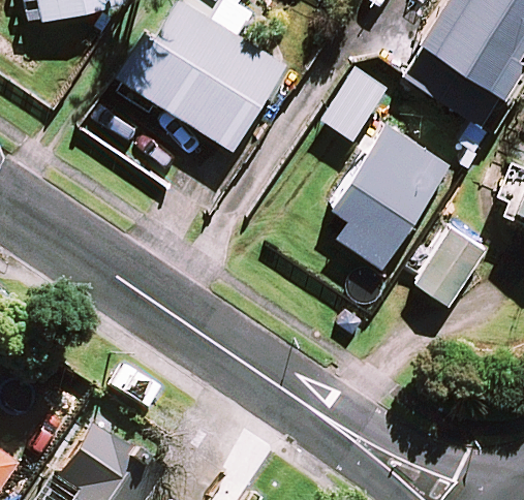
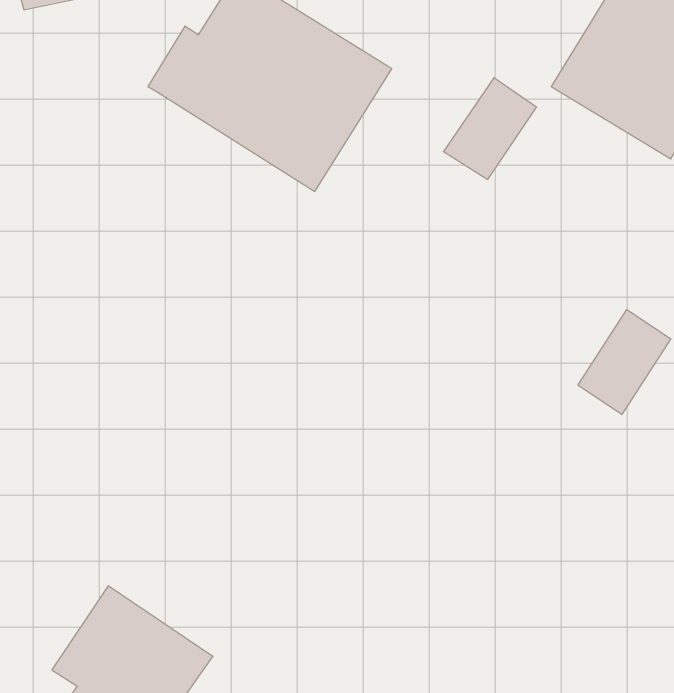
building: [334,127,449,268] -> none

